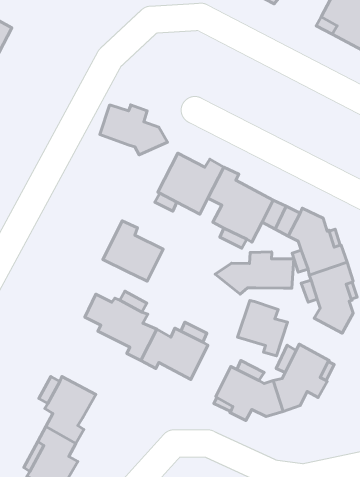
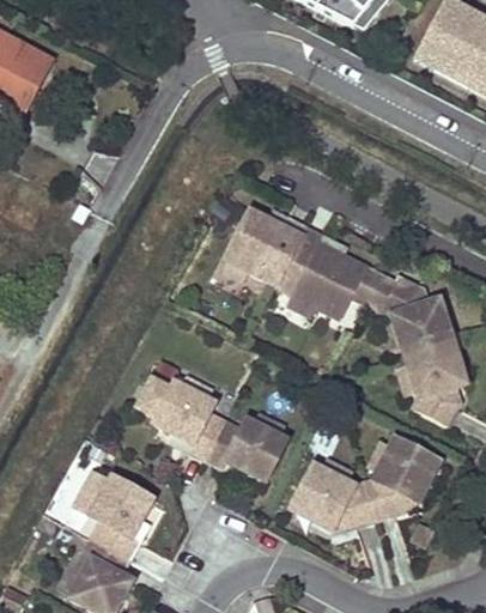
building: [100,105,167,155] -> none
building: [103,221,163,281] -> none
building: [215,252,294,294] -> none
building: [238,301,287,356] -> none

